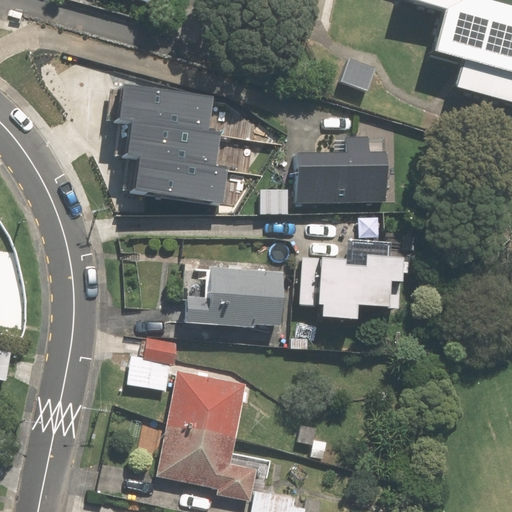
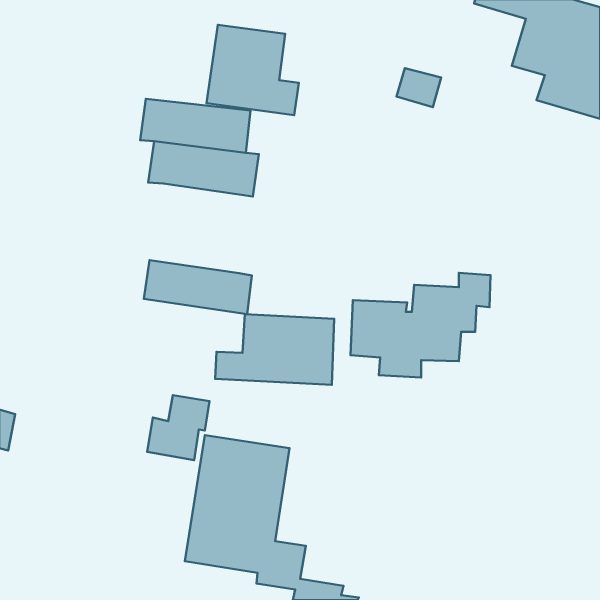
building: none -> [206,25,299,115]
building: [294,138,384,203] -> none
building: [134,156,226,202] -> [144,260,252,314]

